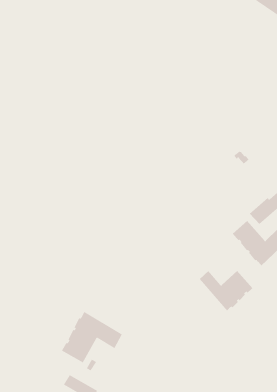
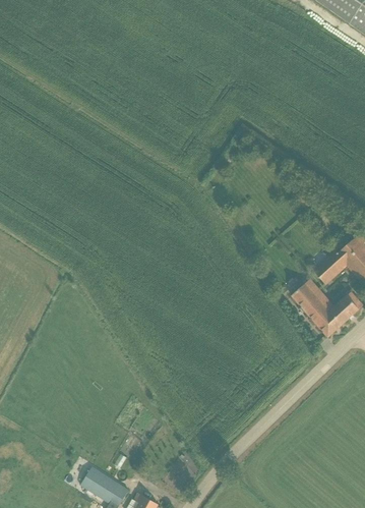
building: [199,270,253,312] -> none
building: [61,311,123,363] -> none

